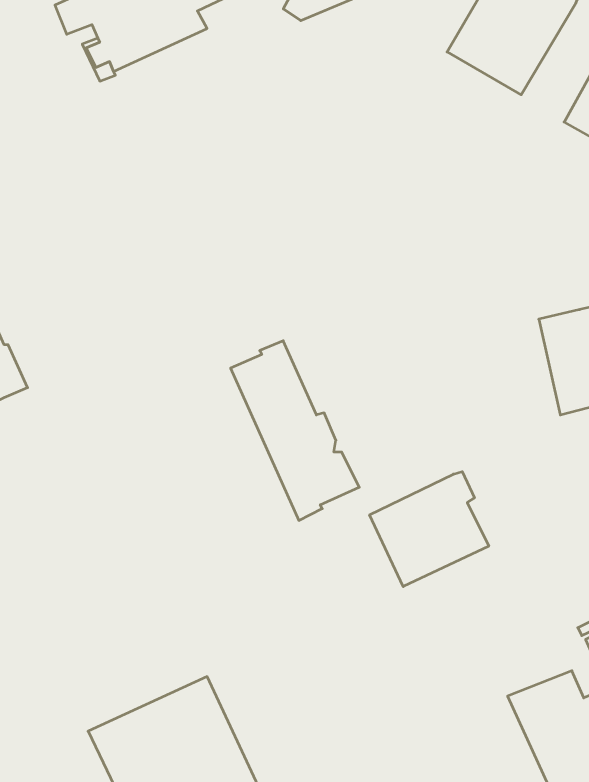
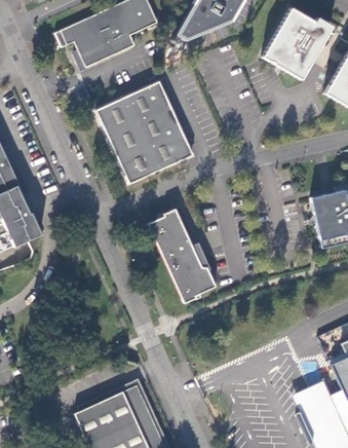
building: none -> [96,81,190,181]
building: [370,472,489,587] -> none

